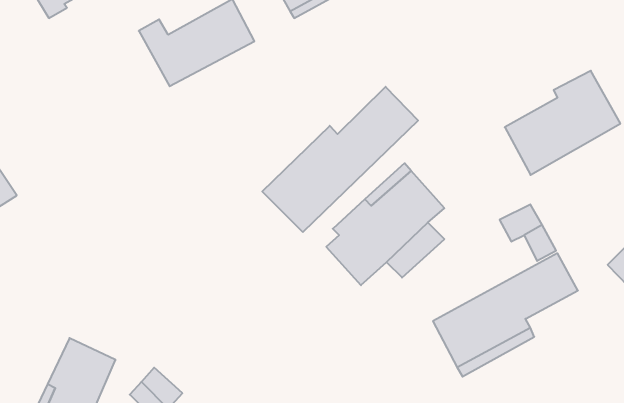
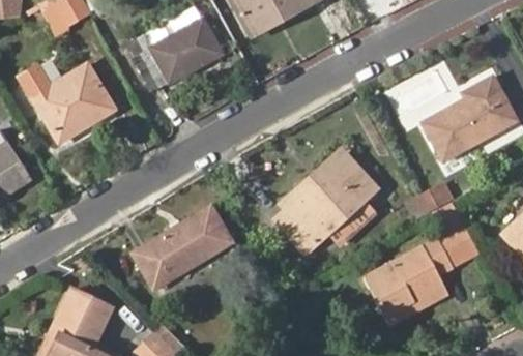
building: none -> [22,64,116,141]
building: [262,87,418,232] -> none
building: none -> [136,209,231,287]

